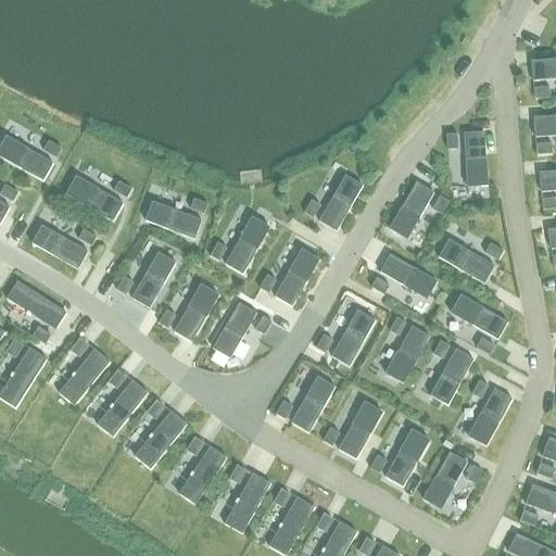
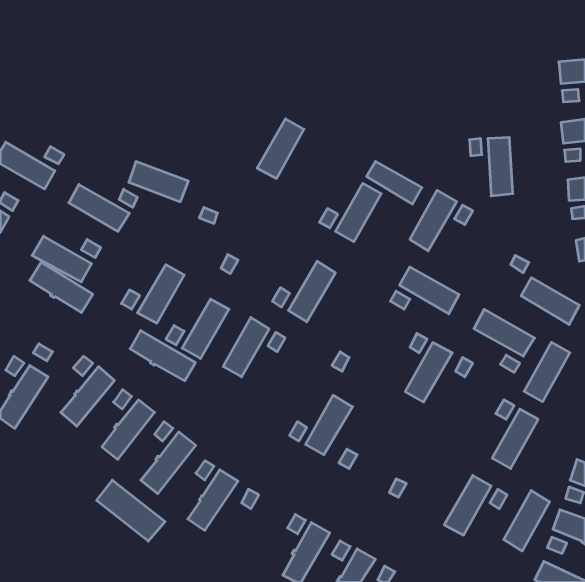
building: none -> [367,161,422,204]
building: [144,200,201,238] -> [129,162,188,202]
building: [224,216,268,273] -> [257,119,304,178]
building: [438,238,493,282] -> [521,278,579,325]
building: [5,280,65,328] -> [30,262,93,313]
building: [330,308,374,365] -> none
building: none -> [130,330,195,381]
building: [429,348,472,404] -> [524,342,570,402]
building: [337,401,381,457] -> none
building: [384,428,428,485] -> [504,490,550,551]
building: none -> [97,480,165,541]
building: [224,471,269,532] -> none

